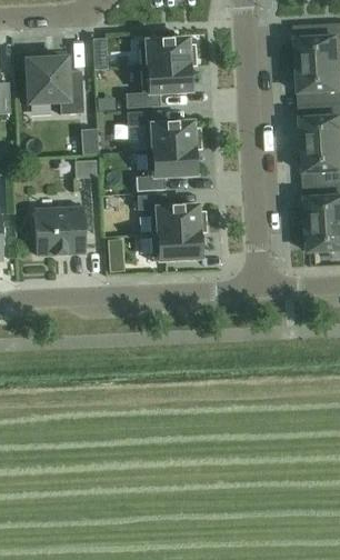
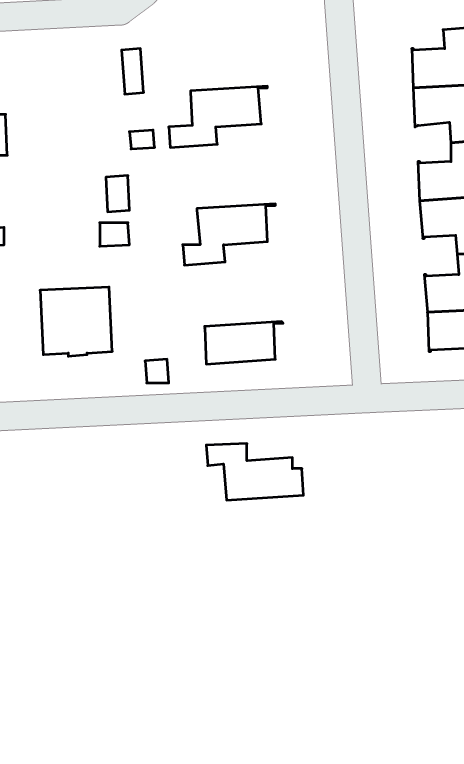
building: [138,38,194,68] -> none
building: [26,58,83,114] -> none
building: [126,110,200,151] -> none
building: [136,194,204,234] -> [206,444,303,500]

